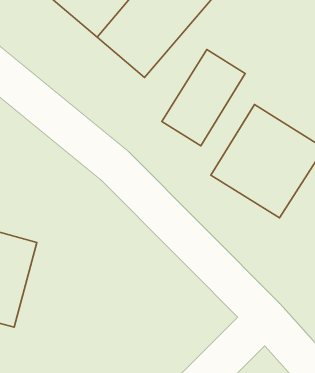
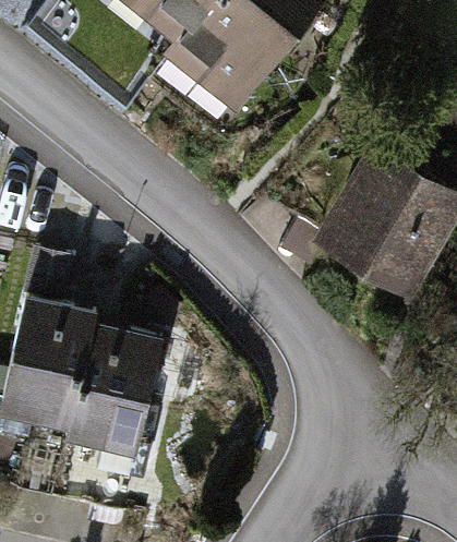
building: [162,50,245,146] -> none
building: none -> [64,325,159,453]

